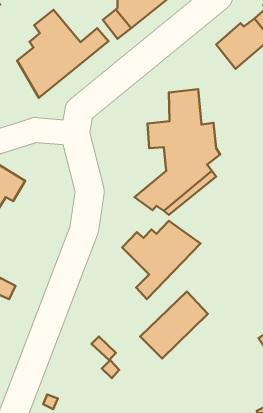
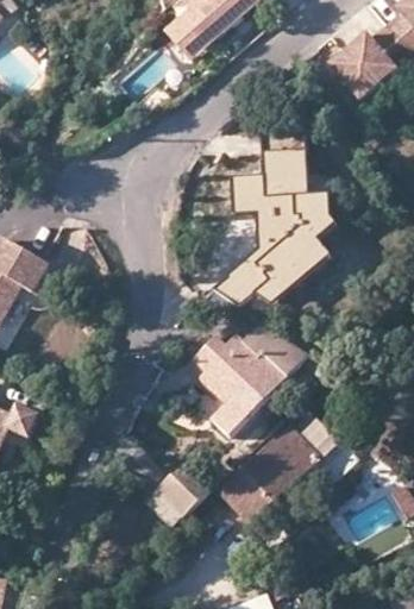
building: [17,10,109,98] -> none
building: none -> [157,469,209,516]

